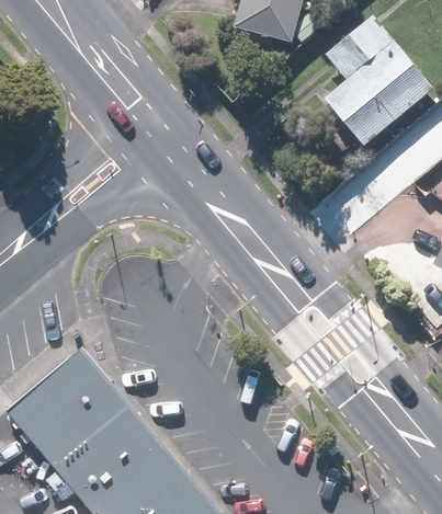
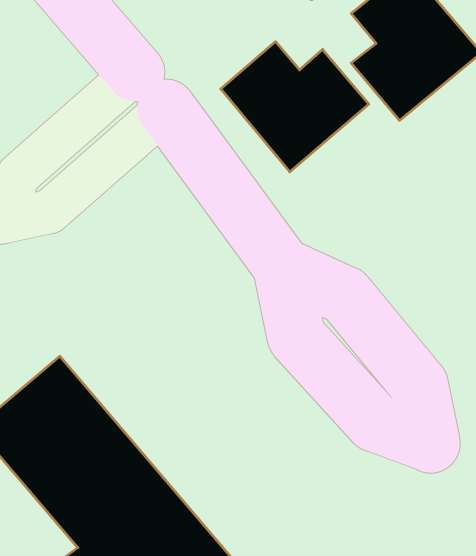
building: none -> [221,42,369,172]

